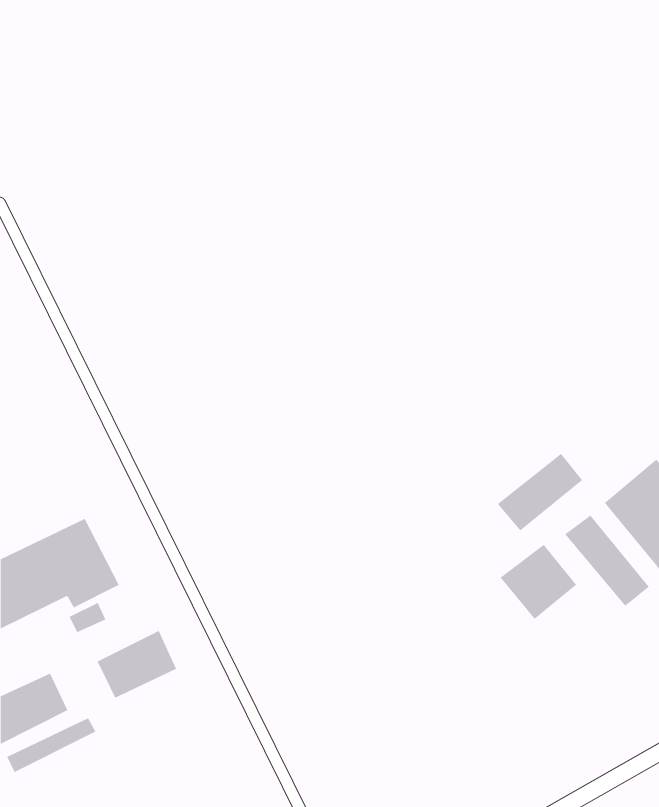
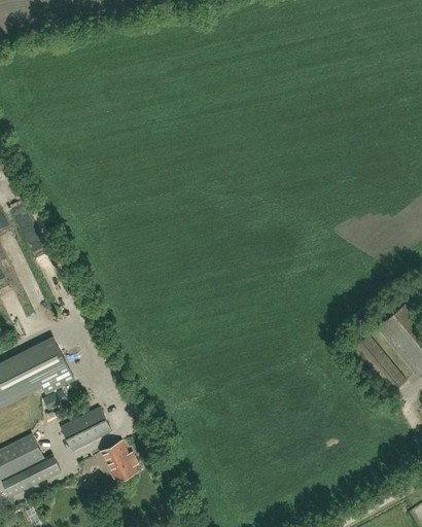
building: [497,453,583,532] -> none
building: [499,544,577,620] -> none
building: none -> [100,441,138,482]

